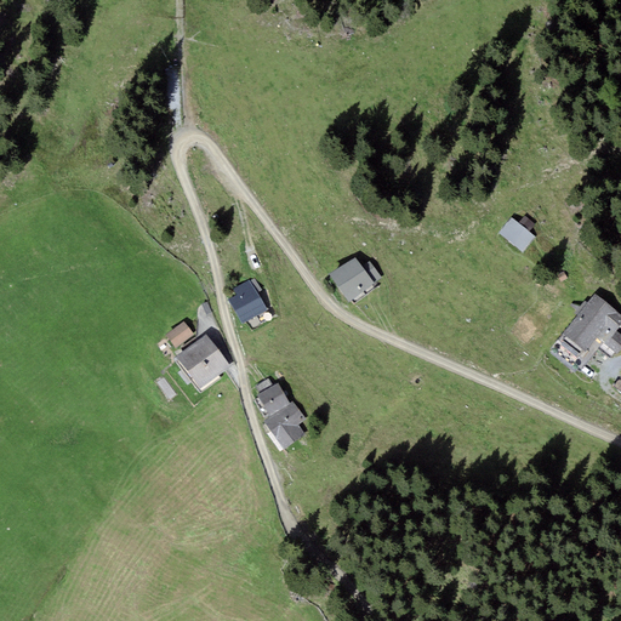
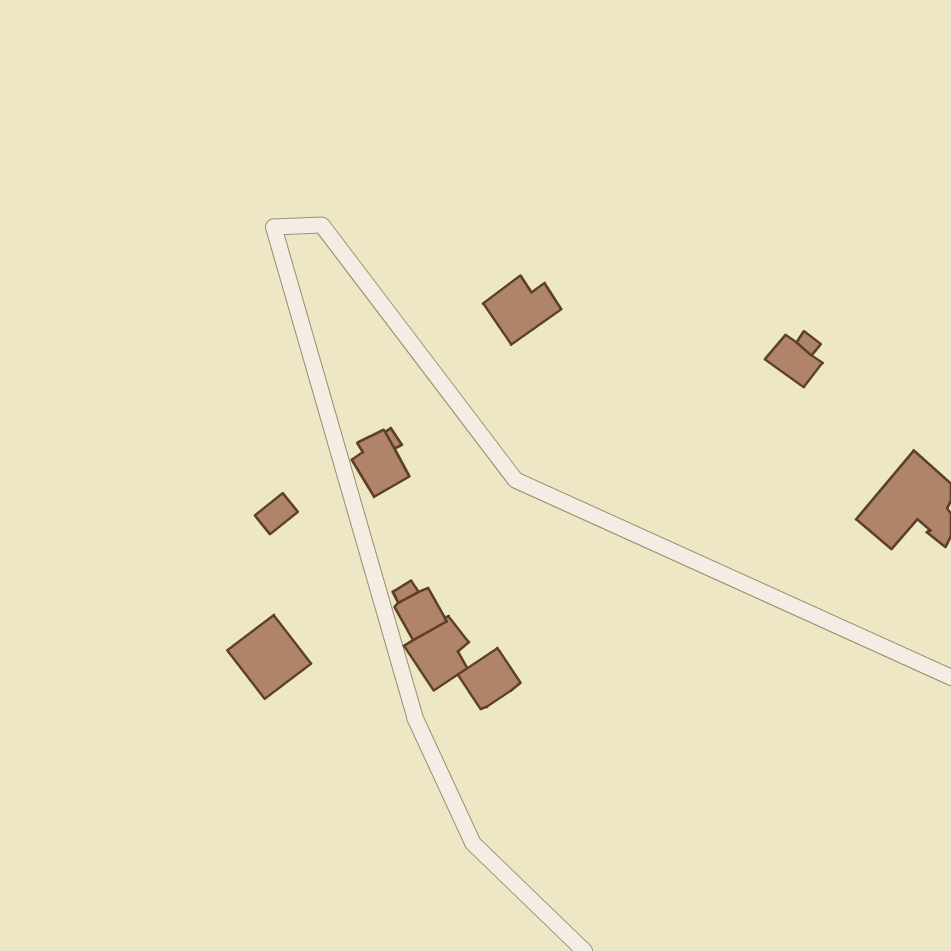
building: [330,256,381,301] -> [483,276,561,345]
building: [176,334,230,388] -> [227,615,311,699]
building: none -> [458,648,520,709]

